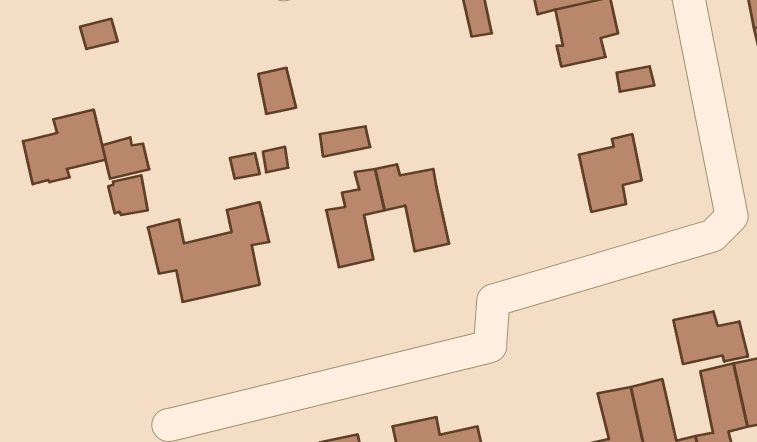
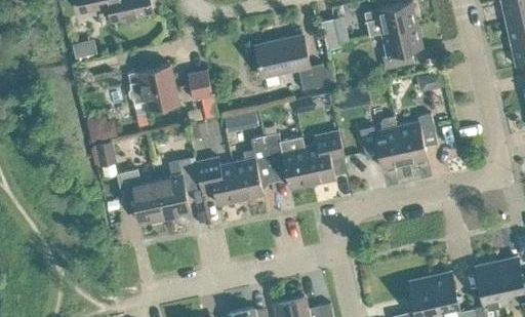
building: none -> [254,35,326,91]
building: none -> [126,65,178,112]
building: [23,110,105,184] -> none
building: none -> [359,116,404,169]
building: none -> [304,131,344,185]
building: none -> [195,158,240,205]
building: [674,311,748,364] -> none

